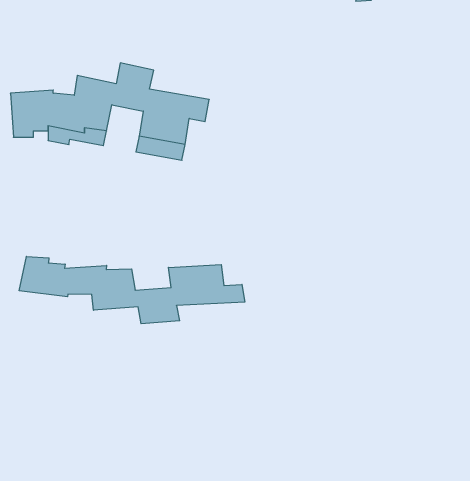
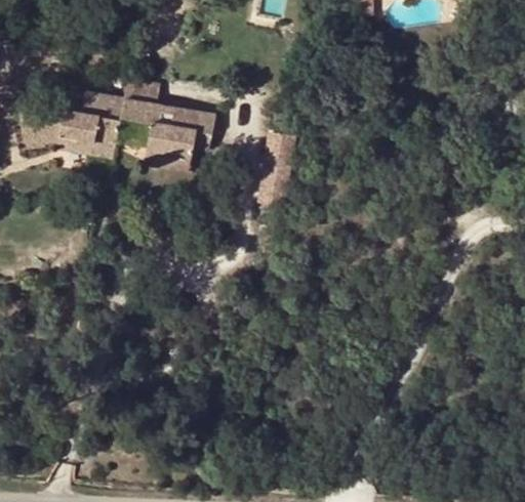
building: [19,256,245,324] -> none

